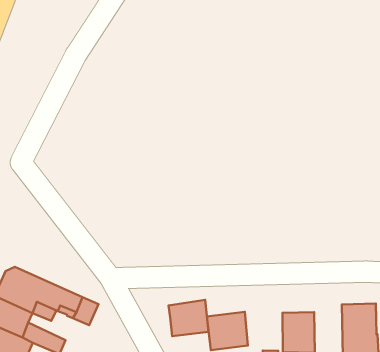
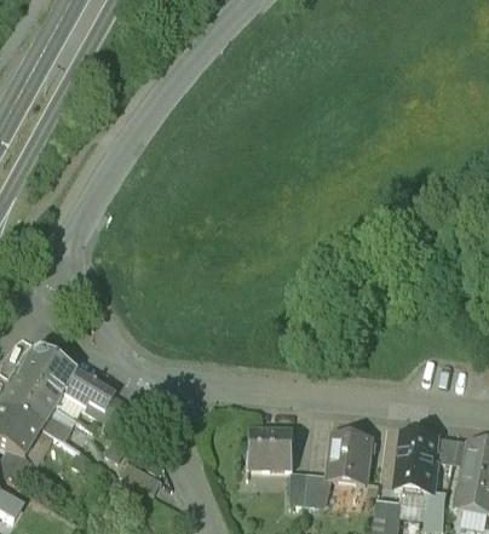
building: [168,300,208,336] -> none

